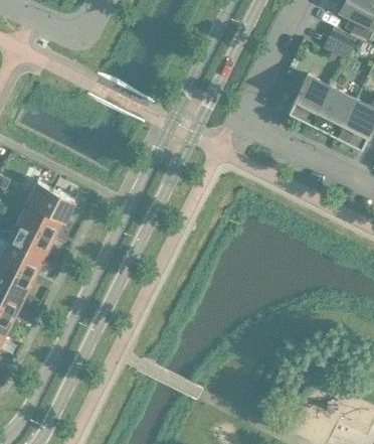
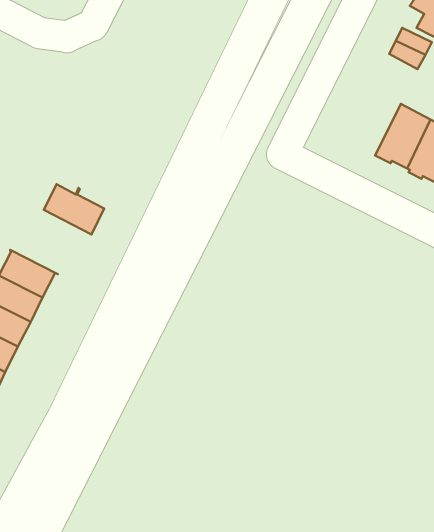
building: [289,76,332,128] -> none
building: [27,181,74,220] -> [44,184,104,234]

